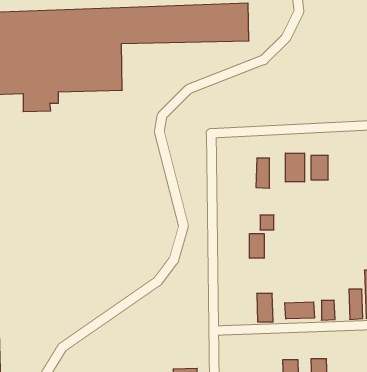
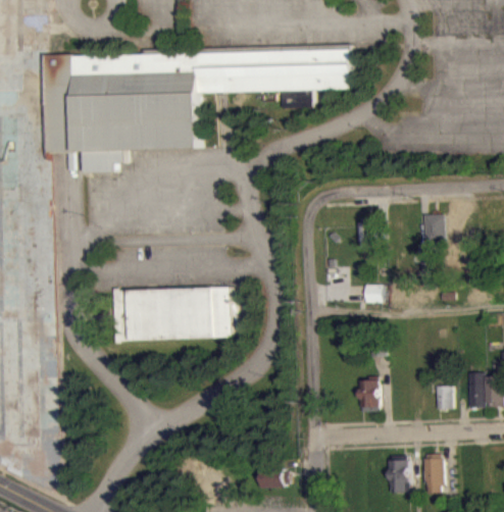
building: [285,153,304,182] -> none
building: none -> [106,293,229,347]
building: [250,234,264,258] -> none
building: [285,302,314,319] -> none

